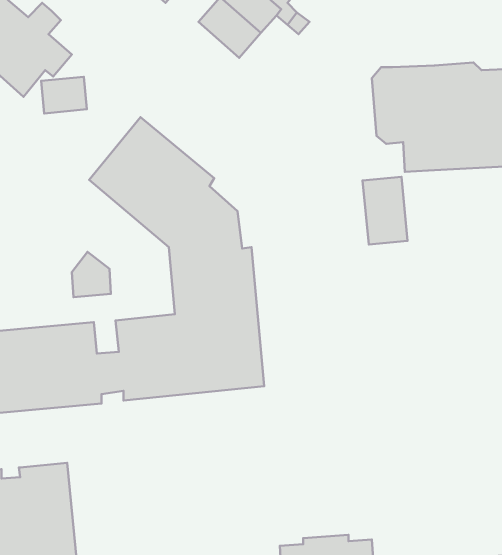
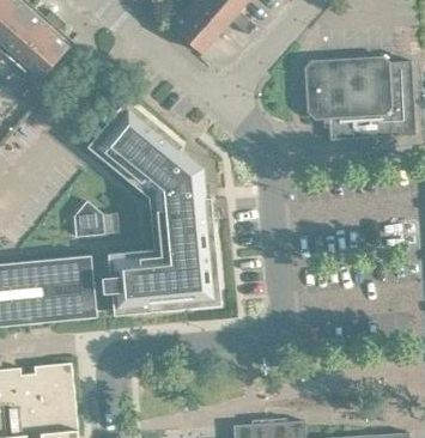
building: [41,77,87,113] -> none
building: [363,177,408,244] -> none

